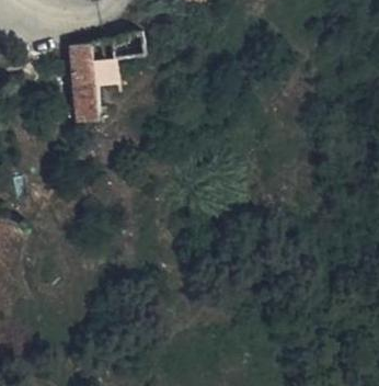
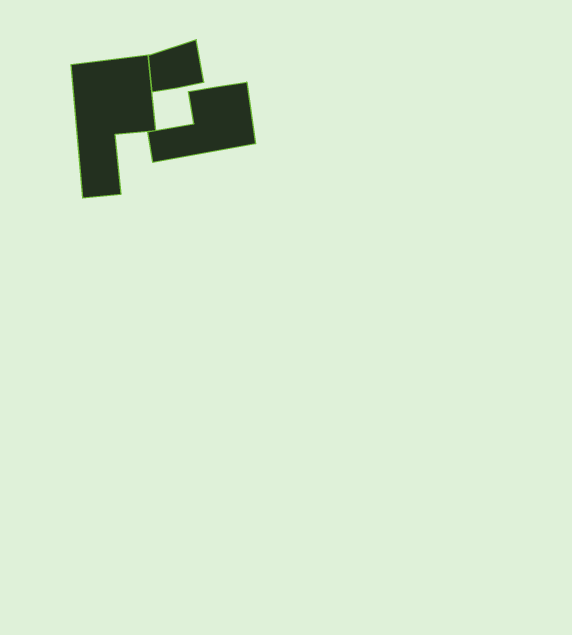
building: none -> [148,82,256,162]

